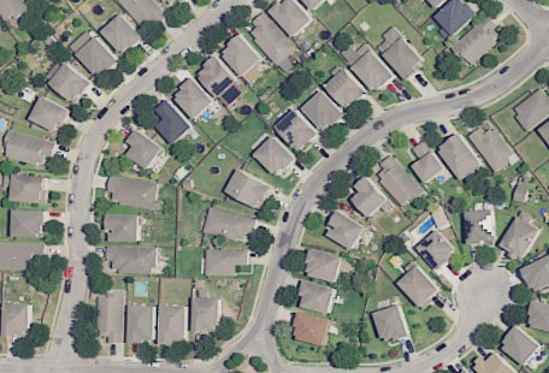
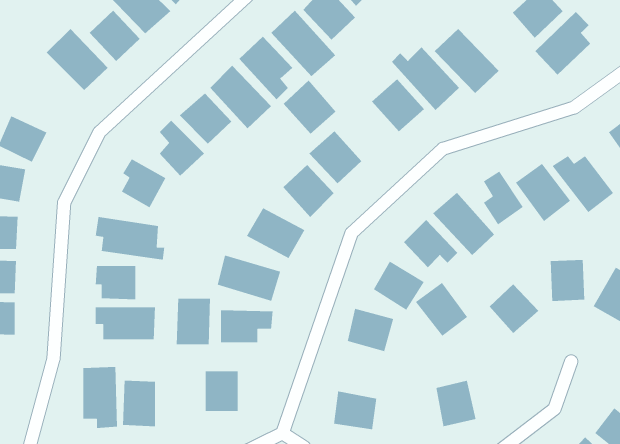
building: [46,63,89,102] -> none
building: [300,89,342,132] -> [283,79,336,134]
building: [396,265,438,308] -> [415,282,468,337]
building: [299,282,332,313] -> none
building: [158,306,185,343] -> [176,298,211,345]

